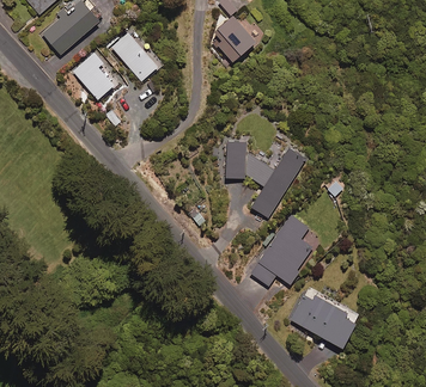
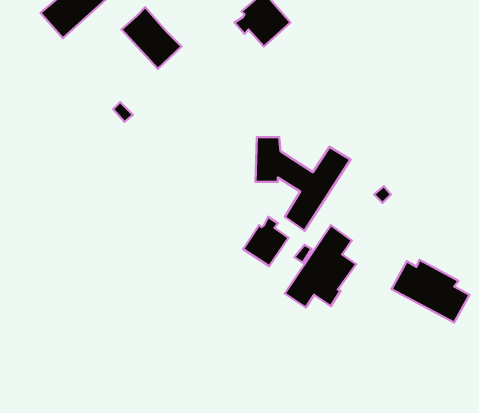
building: [72,53,114,99] -> none
building: none -> [243,217,289,266]
building: [290,294,357,348] -> [391,260,470,323]

